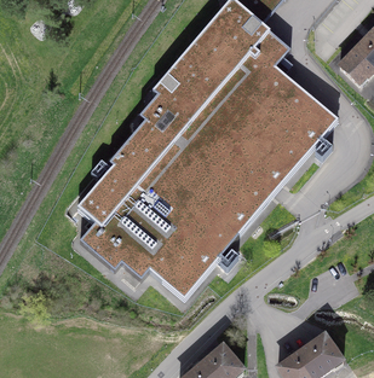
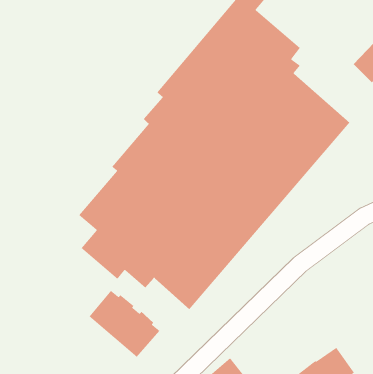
building: none -> [89,290,160,358]

